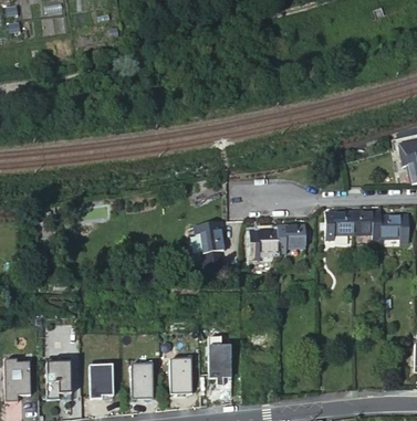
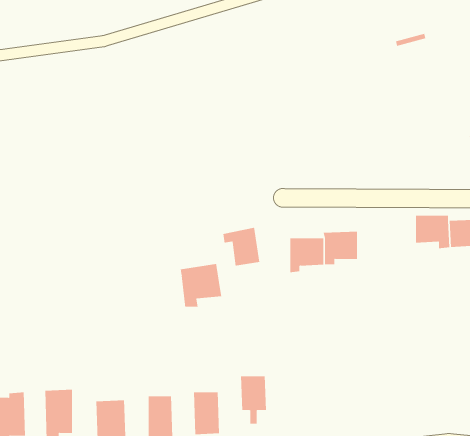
building: [324,212,353,241] -> none
building: none -> [180,263,222,308]

